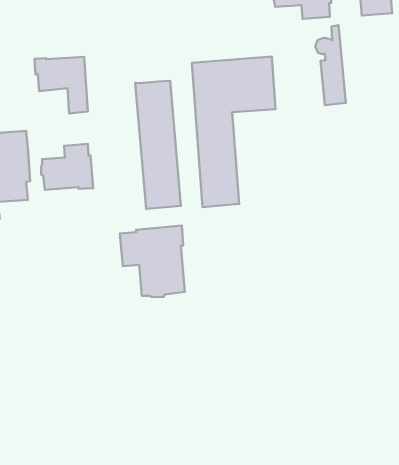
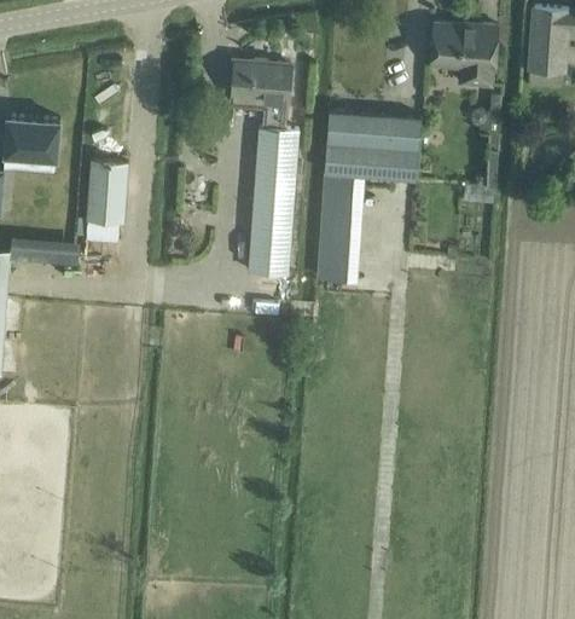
building: [34,57,88,113] -> [232,60,290,129]
building: [41,144,93,190] -> none
building: [120,225,185,297] -> none

